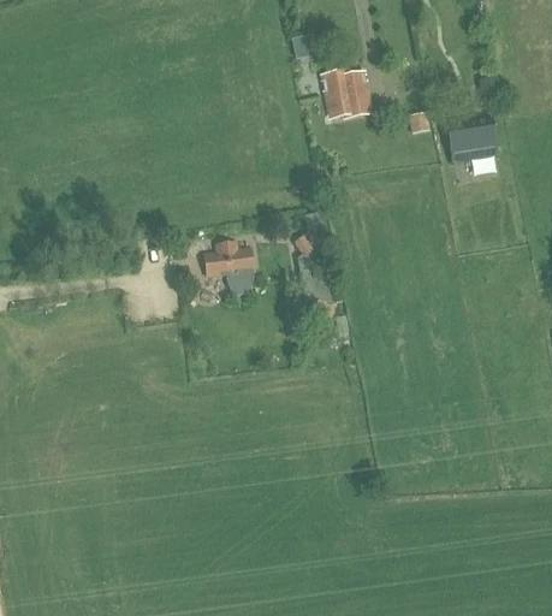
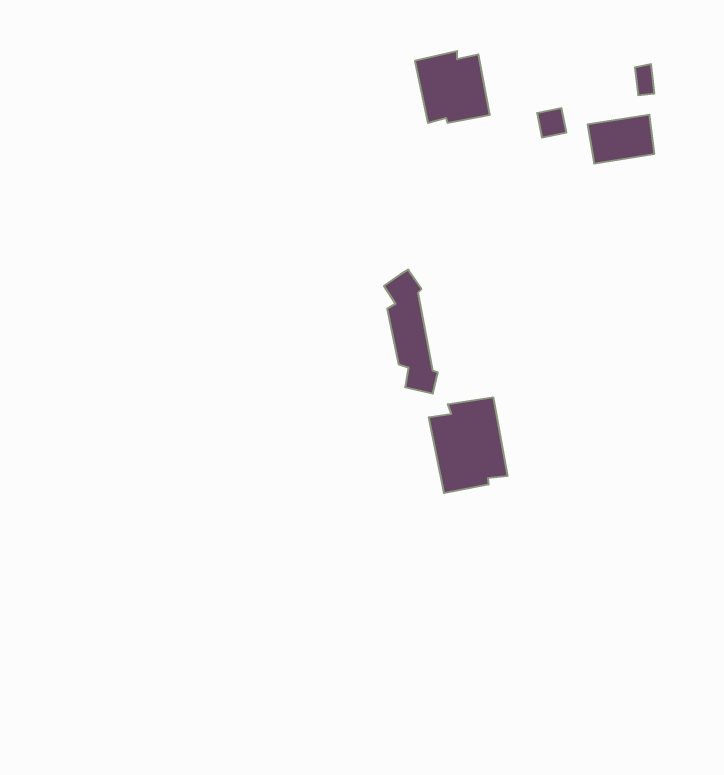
building: [206,244,253,295] -> none
building: none -> [429,397,507,493]

